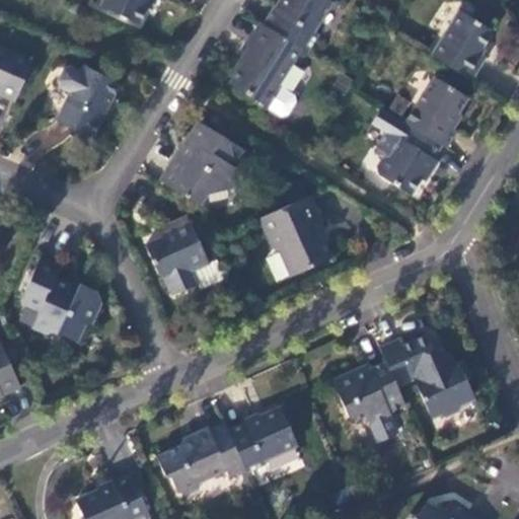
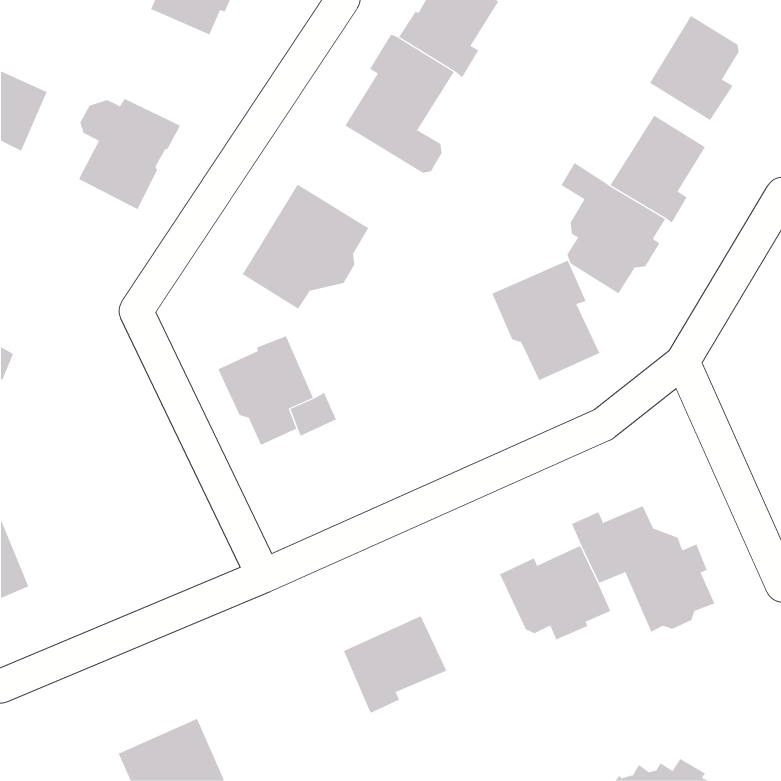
building: [260,196,331,276] -> [491,260,600,381]
building: [21,255,101,340] -> none
building: [156,422,244,493] -> none

